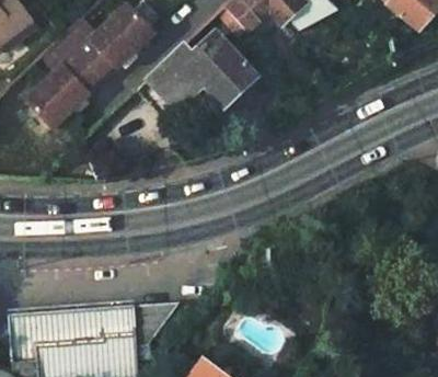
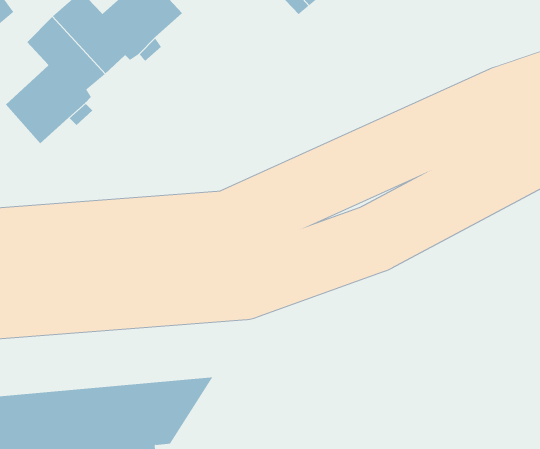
building: [151,34,253,104] -> none

